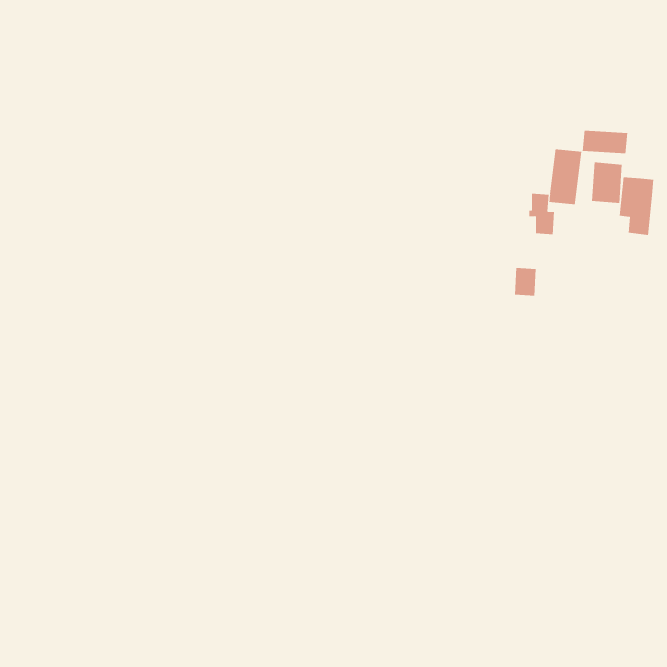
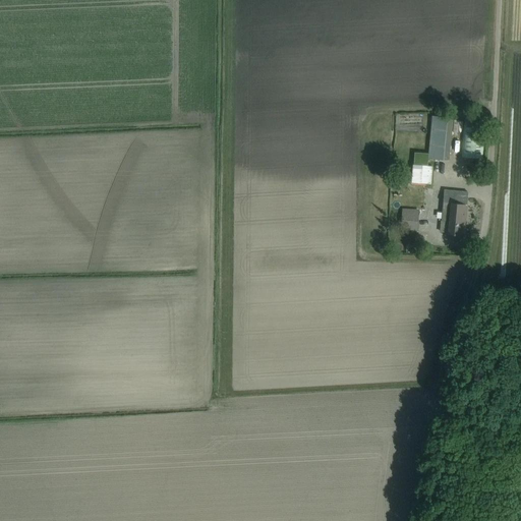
building: [582,130,628,154] -> none
building: [619,177,654,236] -> [441,190,468,236]

